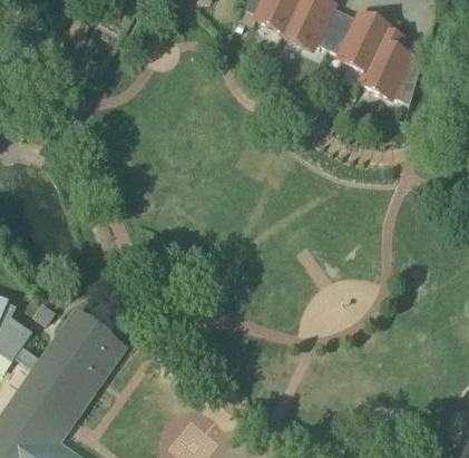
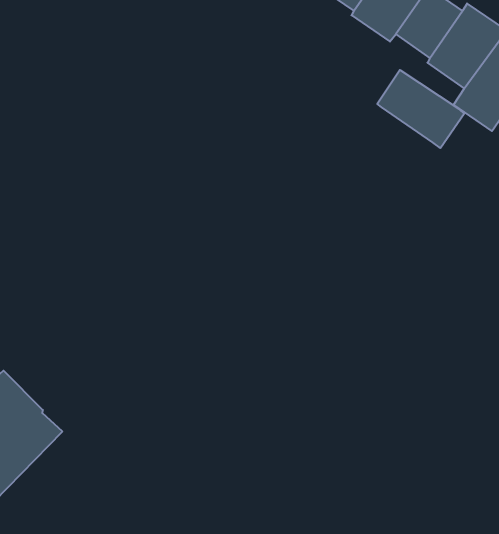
building: none -> [377,70,464,148]

